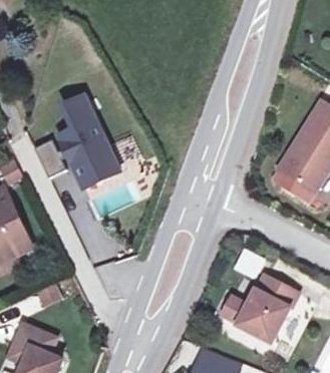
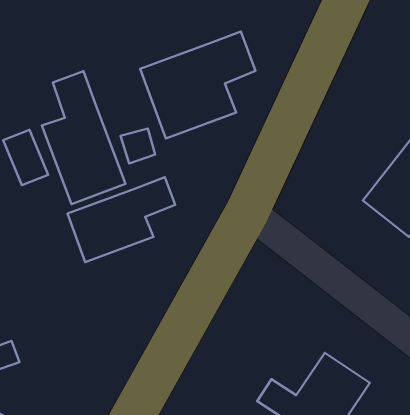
building: none -> [140,31,256,138]
building: none -> [67,177,175,262]

